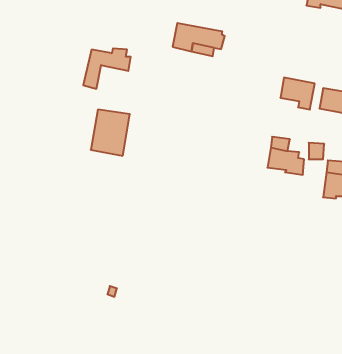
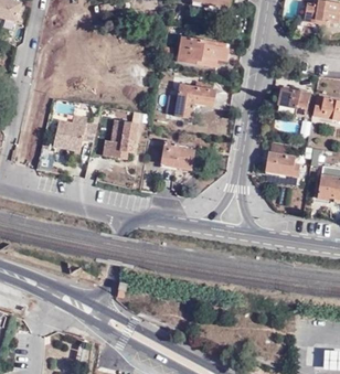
building: [83,48,131,89] -> [173,83,217,120]
building: none -> [52,115,87,152]
building: none -> [158,142,193,172]

